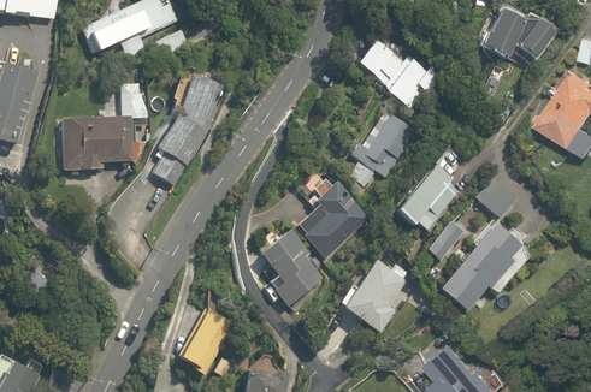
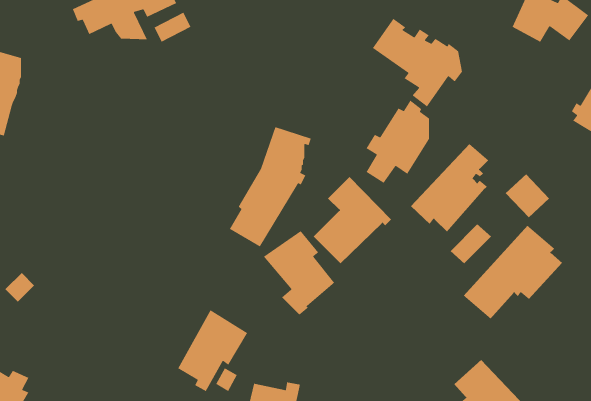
building: [146,76,221,186] -> [229,126,312,248]
building: [61,82,148,171] -> none
building: [335,259,407,333] -> none

